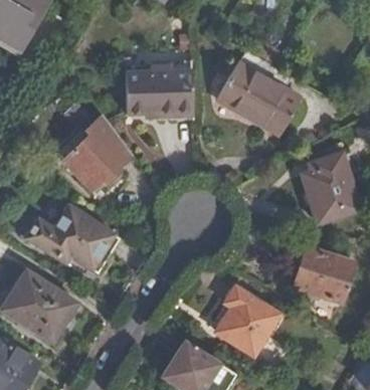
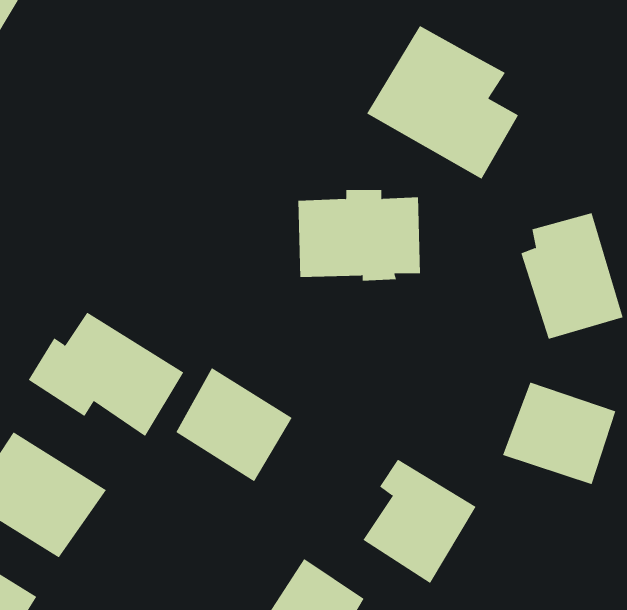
building: [127,63,194,114] -> [298,189,421,281]
building: [61,102,132,188] -> none
building: none -> [175,367,293,482]

